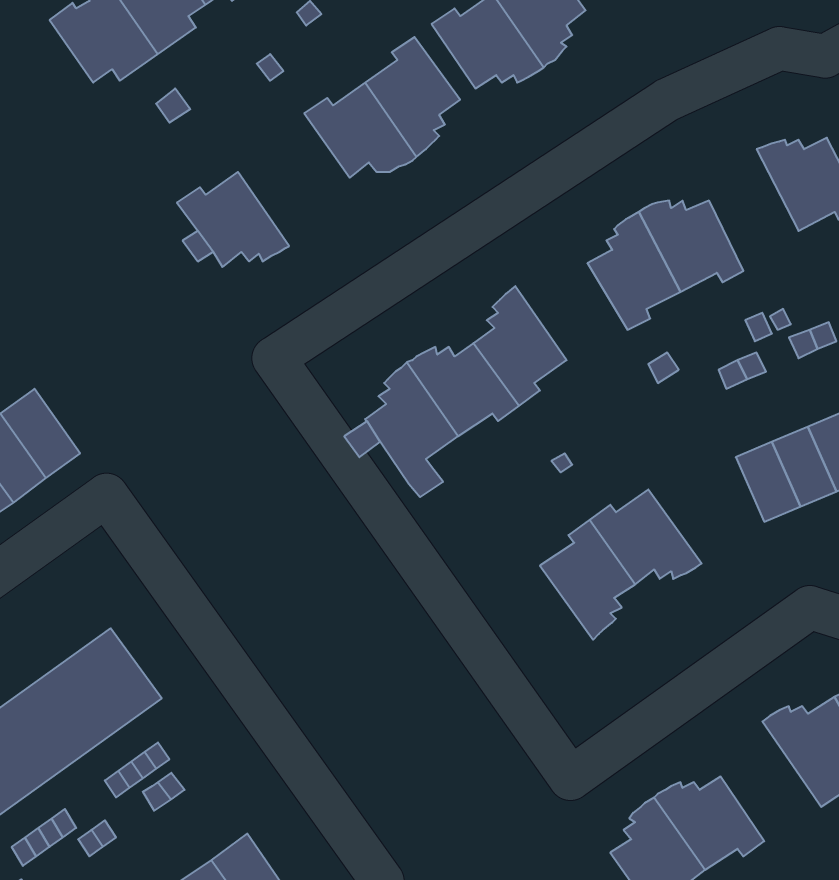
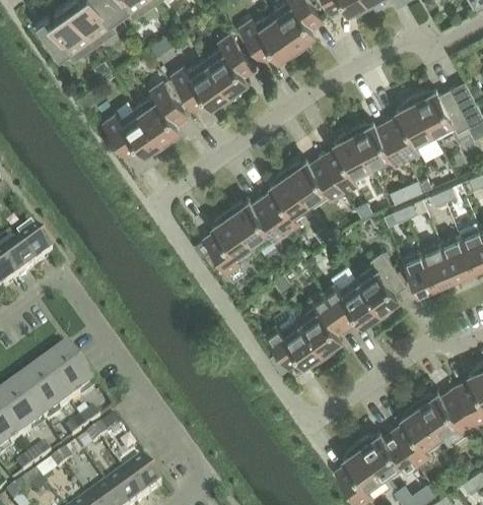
building: none -> [137,80,188,145]
building: none -> [389,93,436,159]
building: none -> [285,154,345,206]
building: none -> [356,251,407,315]
building: none -> [266,316,327,367]
building: none -> [395,399,444,463]

